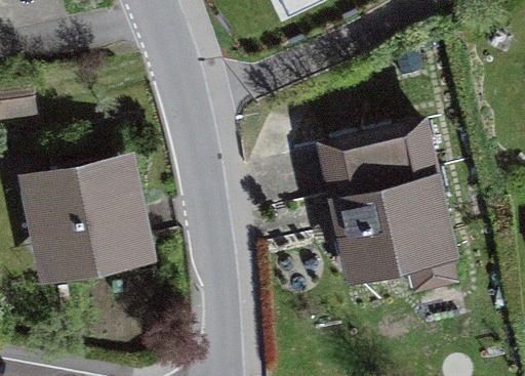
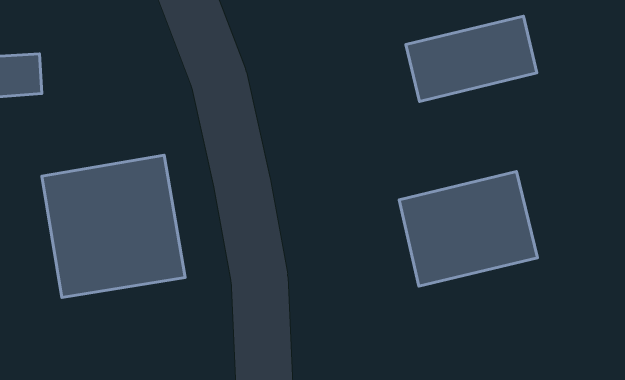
building: [320,128,429,199] -> [406,16,537,101]

